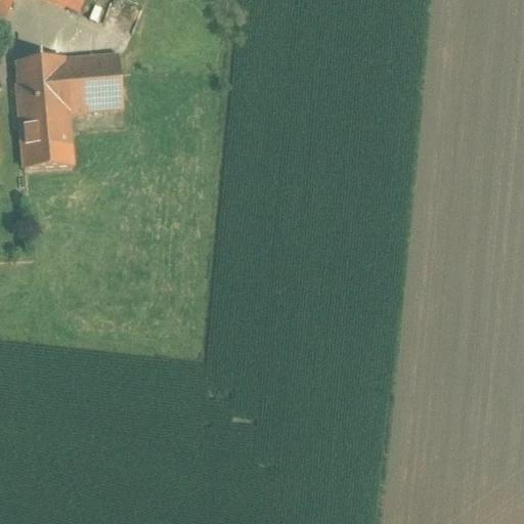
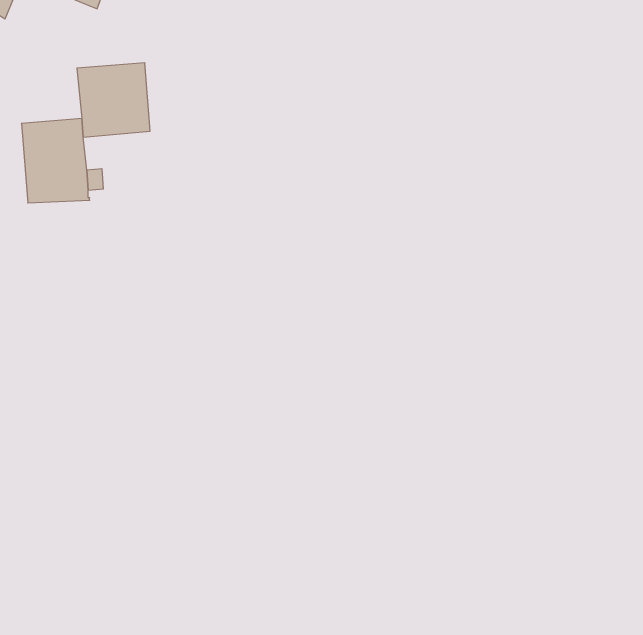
building: [14,54,67,100] -> none

